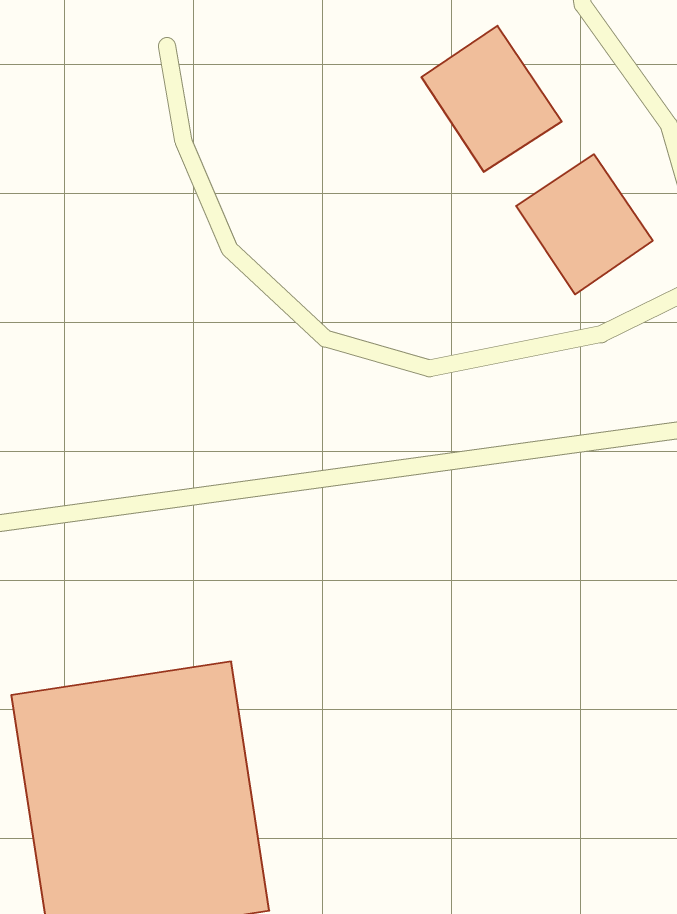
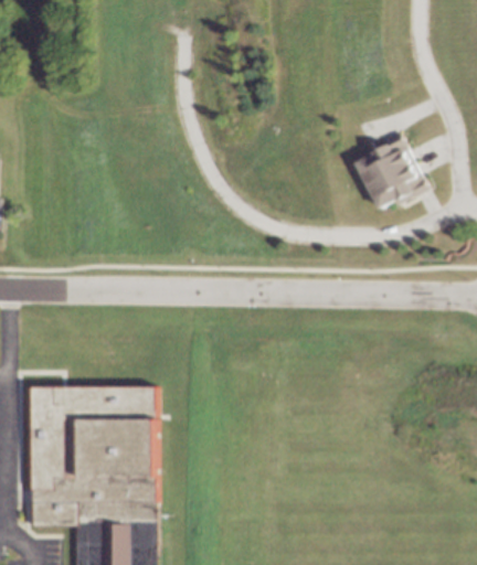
building: [421,26,562,172] -> none

